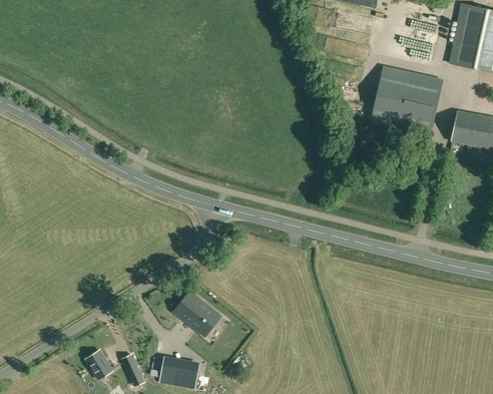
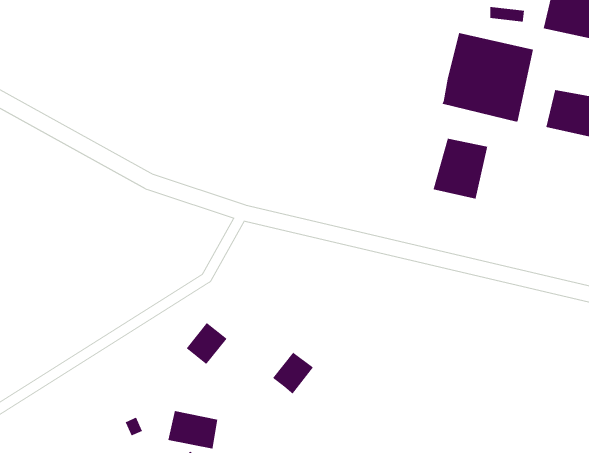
building: none -> [433,138,488,199]
building: [188,303,220,336] -> [272,352,314,395]
building: [85,350,111,378] -> none

